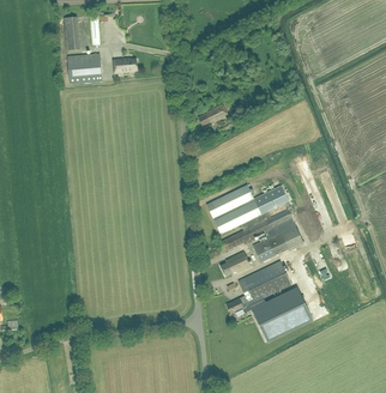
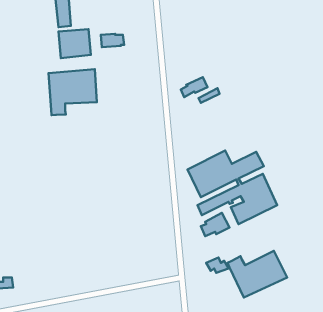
building: none -> [49,69,97,115]
building: [239,259,291,303] -> none

